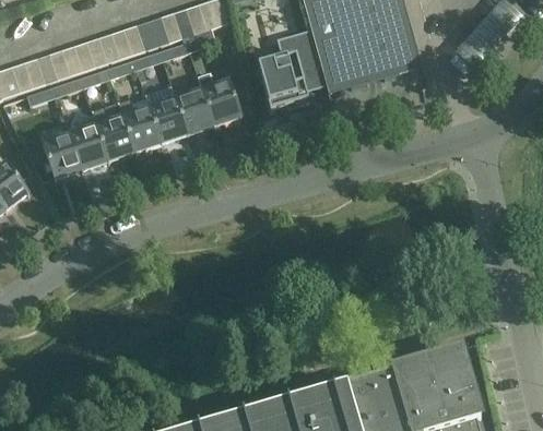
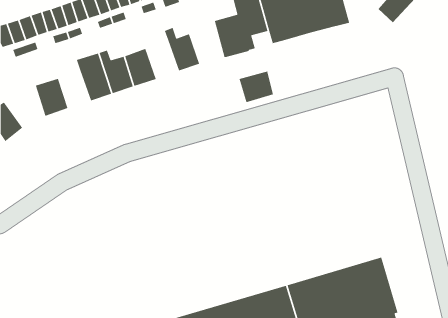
building: [176,88,215,135] -> none
building: [71,124,109,170] -> none
building: none -> [239,71,274,103]

